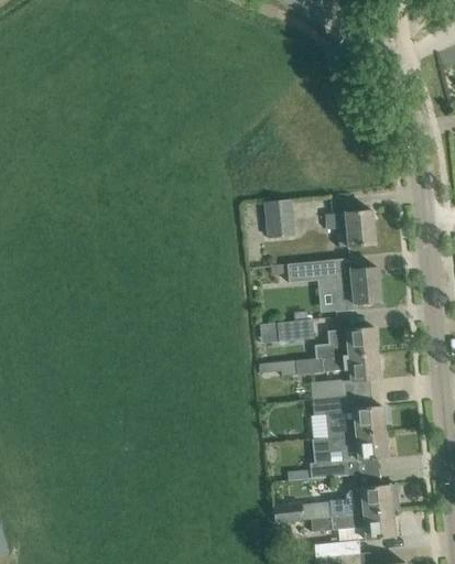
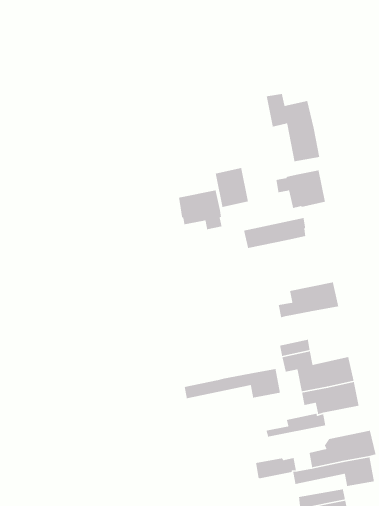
building: none -> [266,93,320,162]
building: none -> [178,189,222,230]
building: [331,265,379,312] -> none
building: [275,318,313,340] -> none
building: [279,352,378,381] -> [184,368,281,399]

